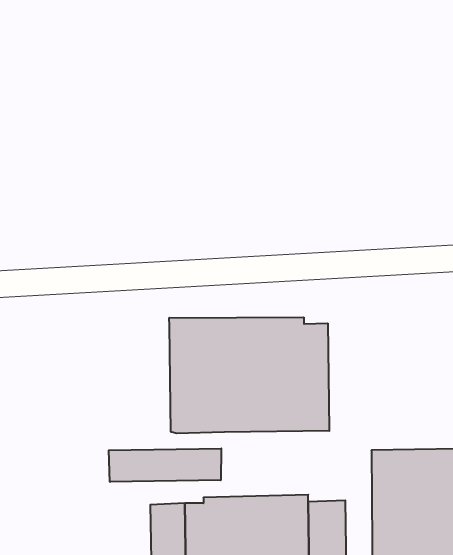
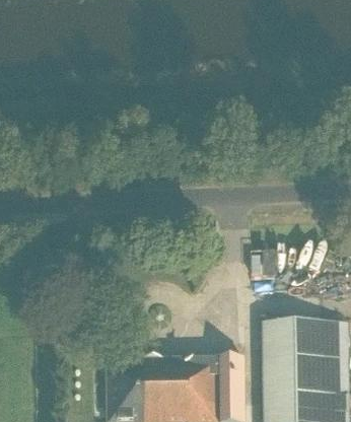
building: [169,317,329,433] -> none
building: [109,448,221,482] -> none

